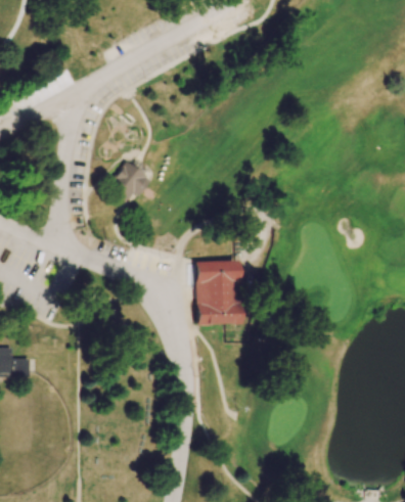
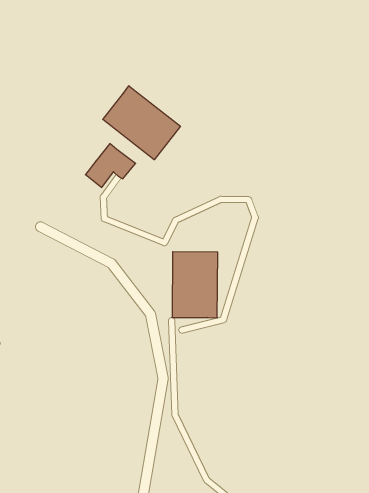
building: none -> [103,86,180,160]

